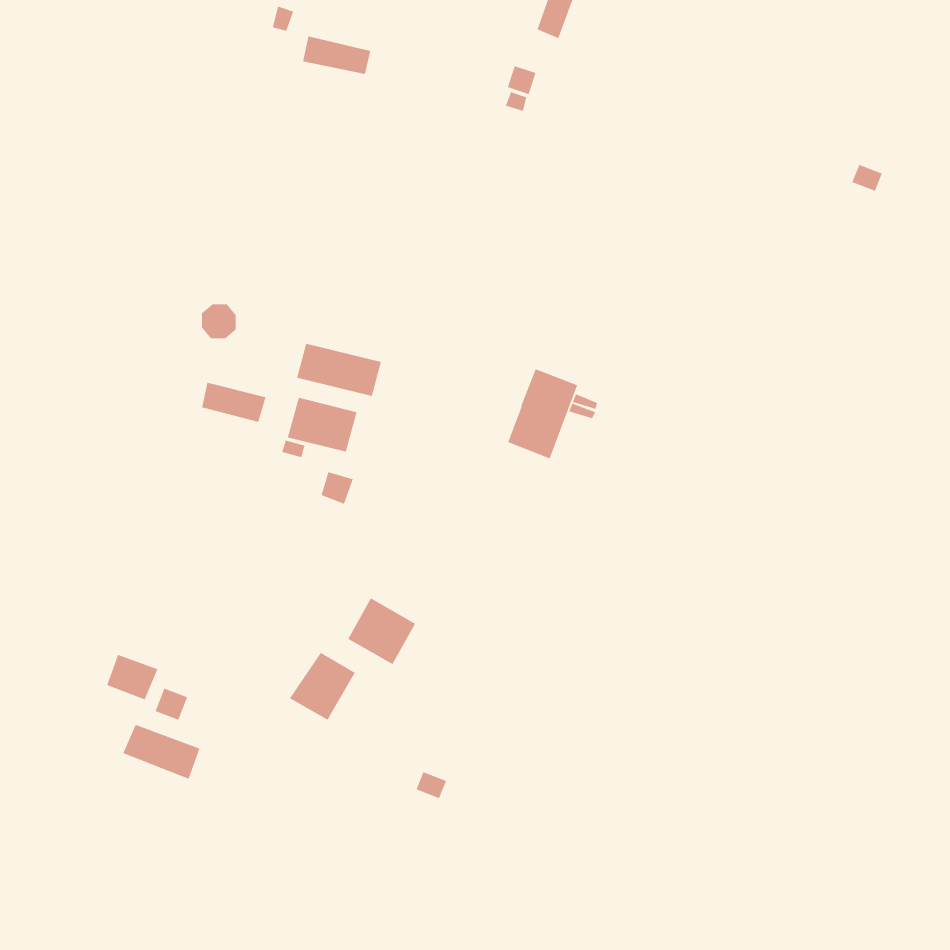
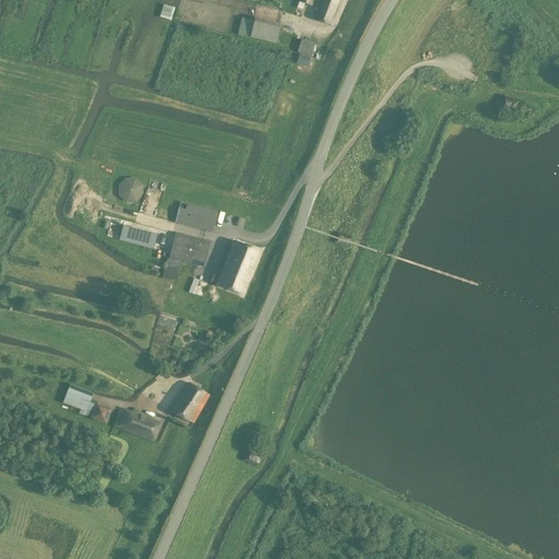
building: [302,36,371,75] -> [238,19,278,41]
building: [507,368,578,459] -> [217,239,259,293]
building: [347,597,416,665] -> none
building: [122,724,200,780] -> [112,407,158,440]

